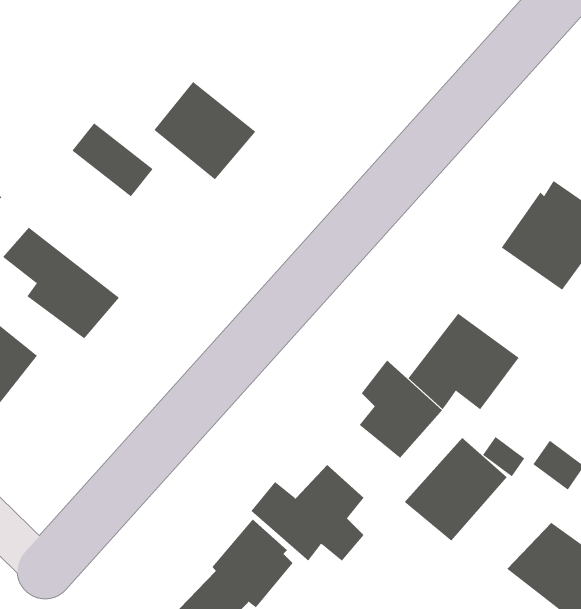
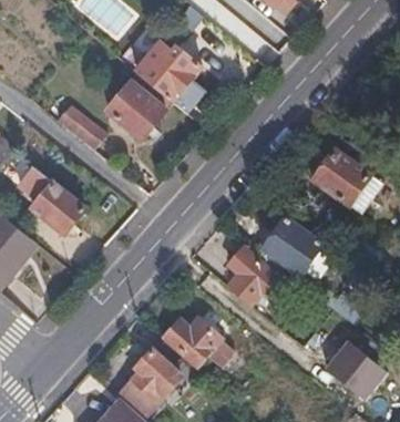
building: none -> [134,40,203,102]
building: [404,437,507,542] -> none

